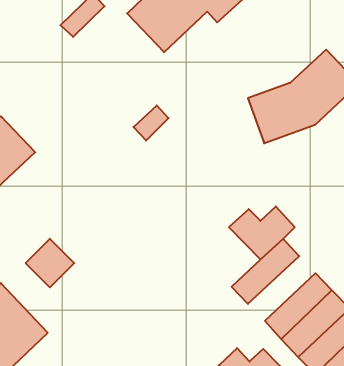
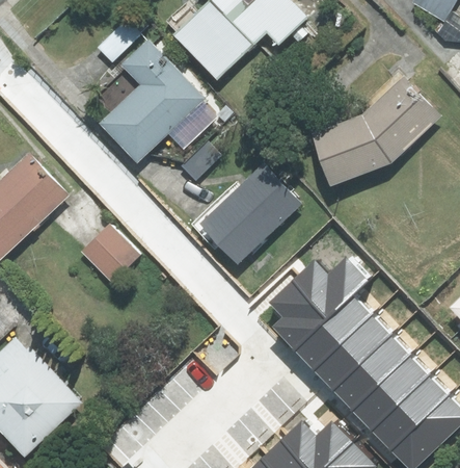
building: none -> [100,41,205,164]
building: none -> [192,164,301,264]
building: none -> [268,282,328,350]
building: [26,239,74,287] -> [83,226,139,282]
building: none -> [314,315,391,390]

